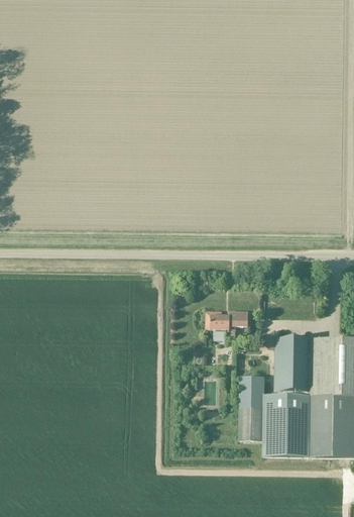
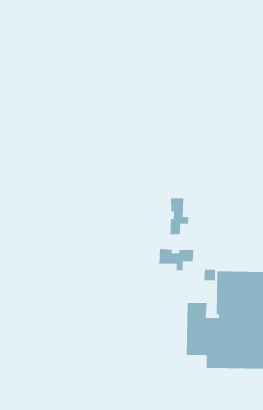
building: none -> [170,198,189,235]

